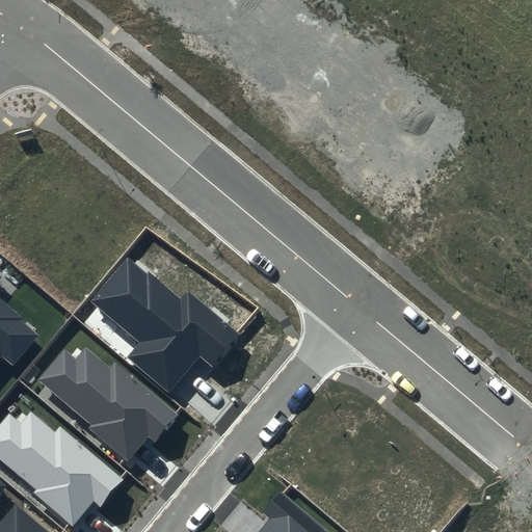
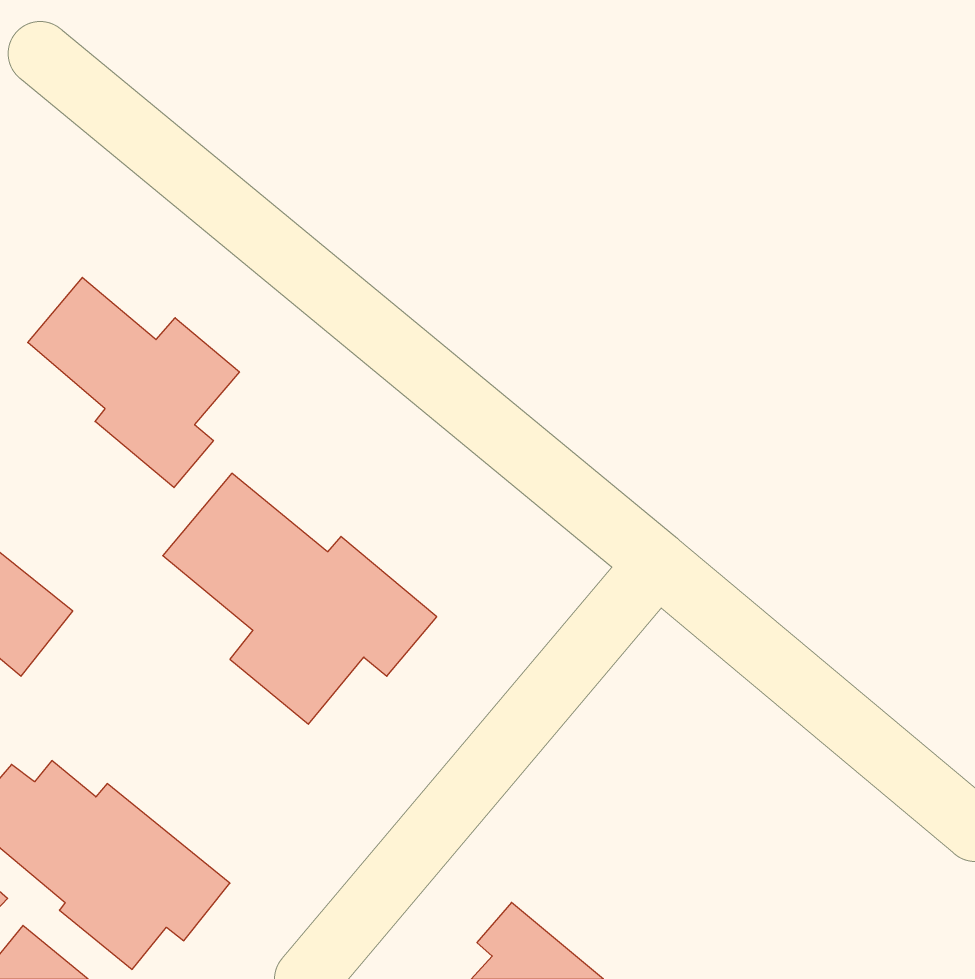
building: none -> [28,277,239,488]
building: [36,346,177,461] -> none

